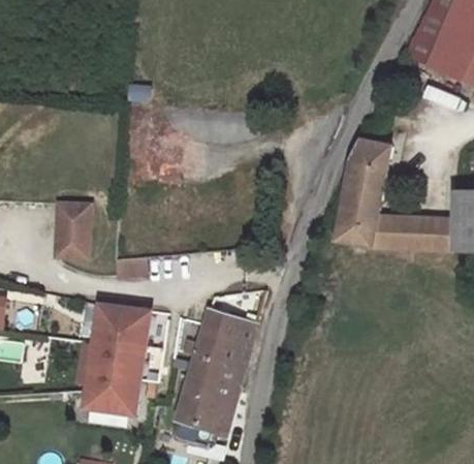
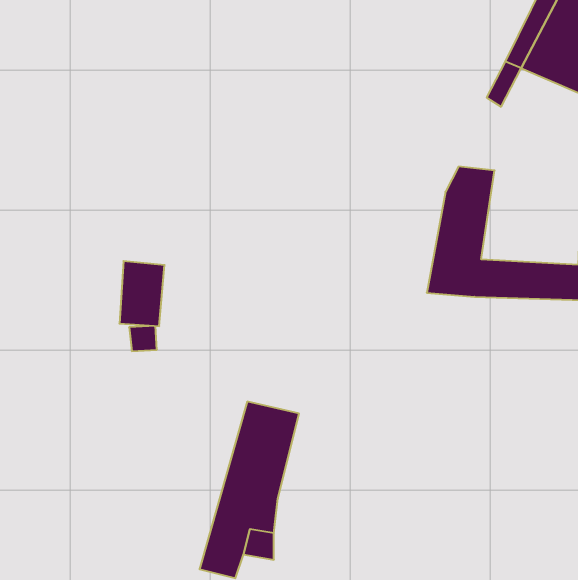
building: [46,209,82,259] -> [119,261,165,326]
building: [76,306,150,417] -> none

